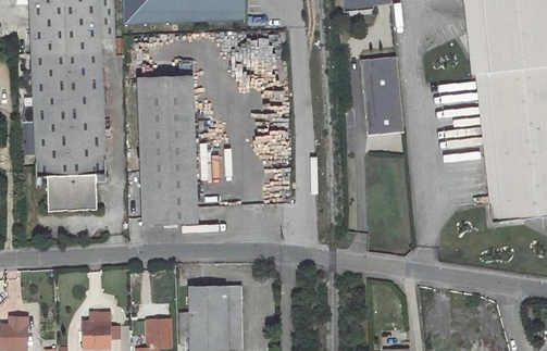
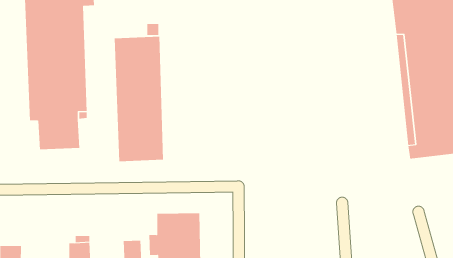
building: [359,54,403,134] -> none

